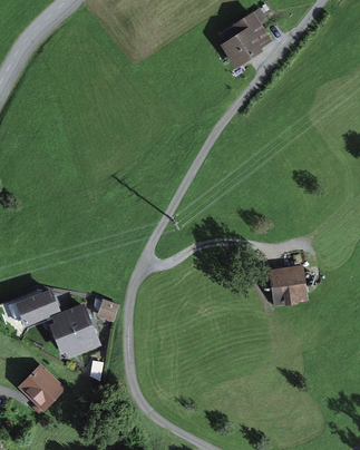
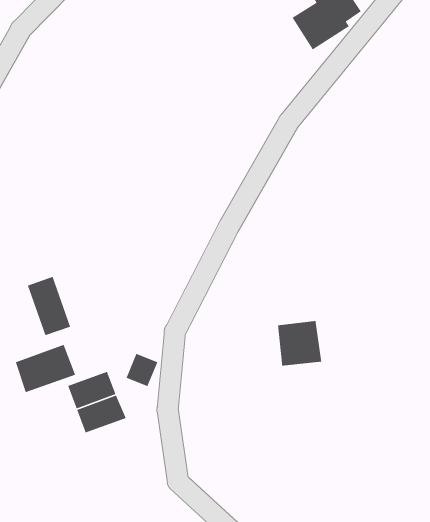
building: none -> [27,276,71,336]
building: [270,268,303,303] -> [277,320,322,367]
building: [17,362,61,407] -> none

